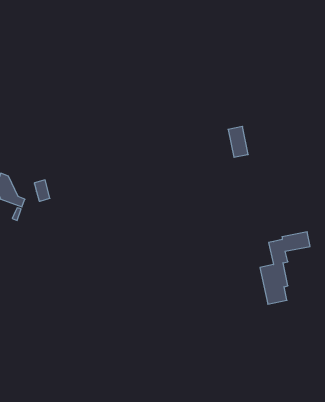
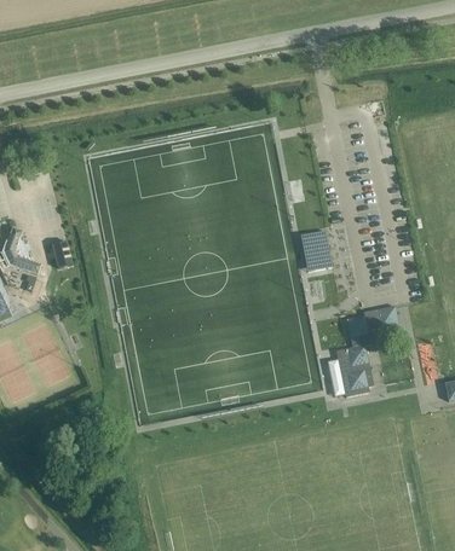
building: [228,126,248,157] -> [304,231,329,269]

